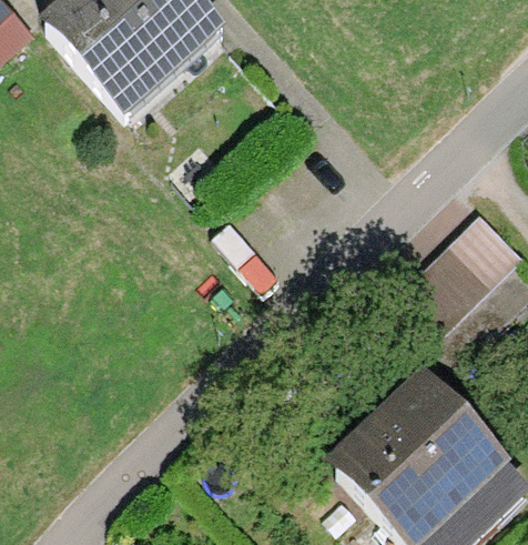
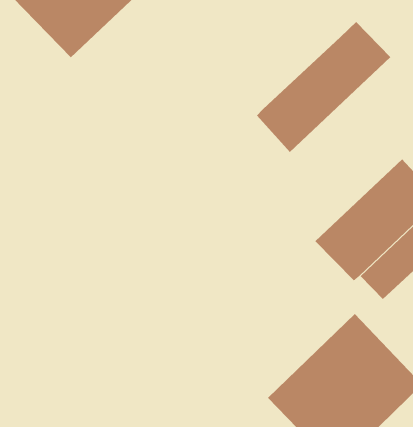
building: none -> [256,21,391,153]

